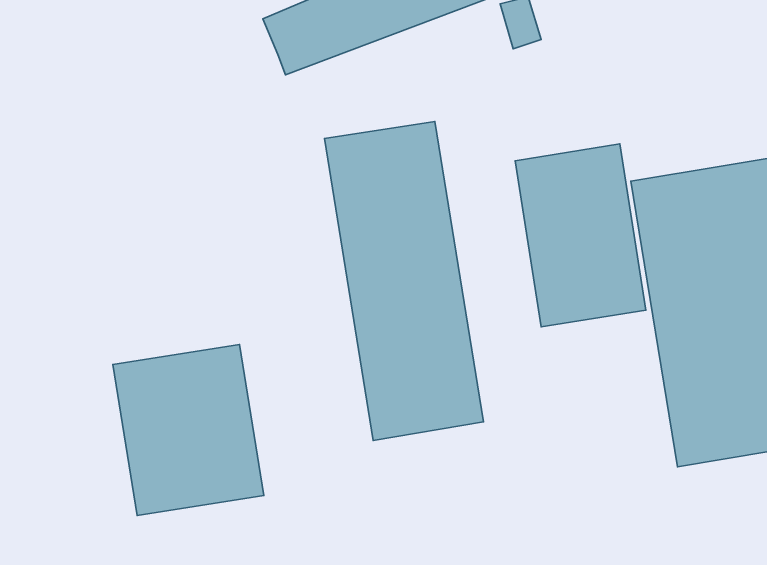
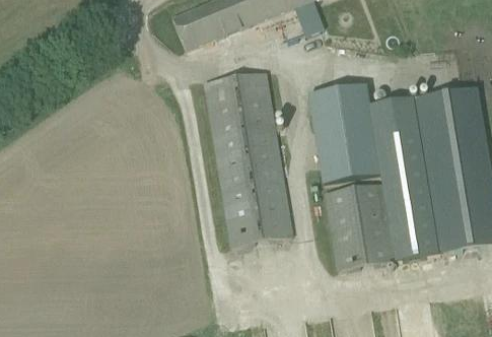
building: none -> [327,183,397,270]
building: [113,345,264,516] -> none

